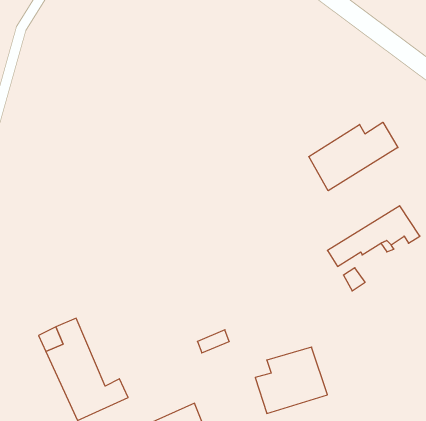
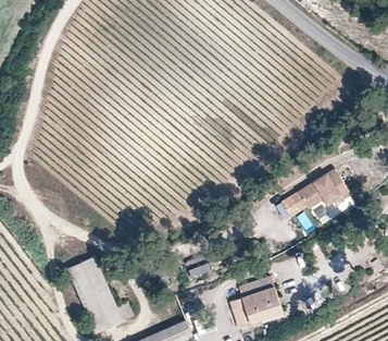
building: [309,122,398,191] -> none

